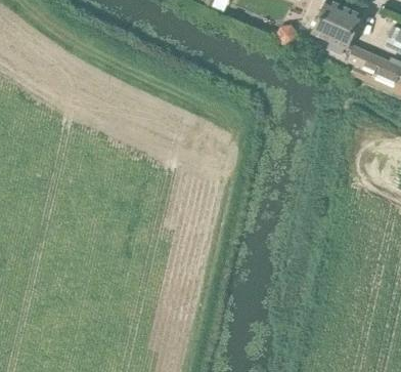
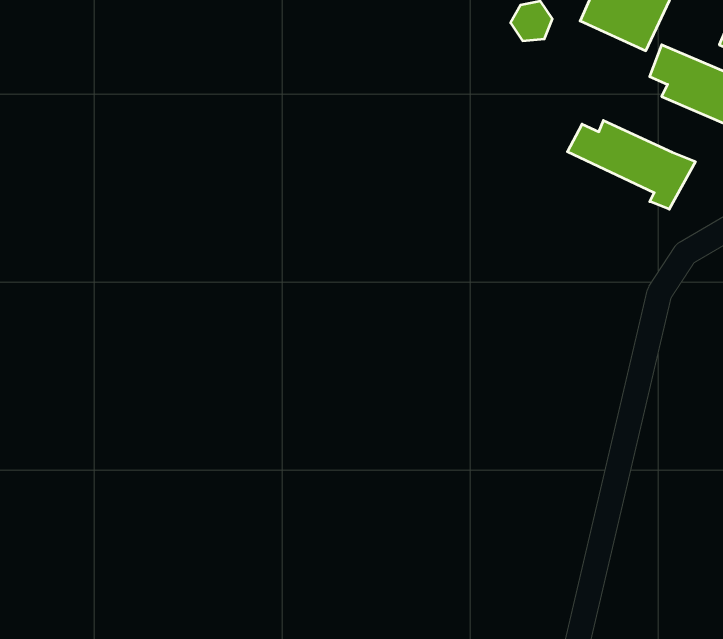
building: none -> [567,120,695,209]

